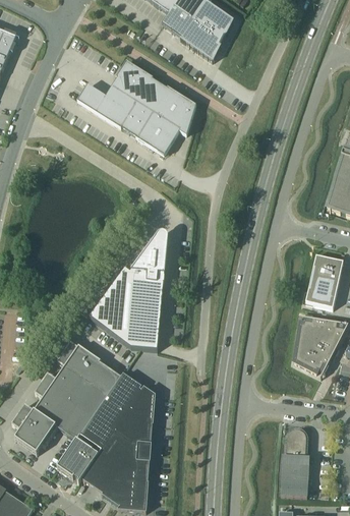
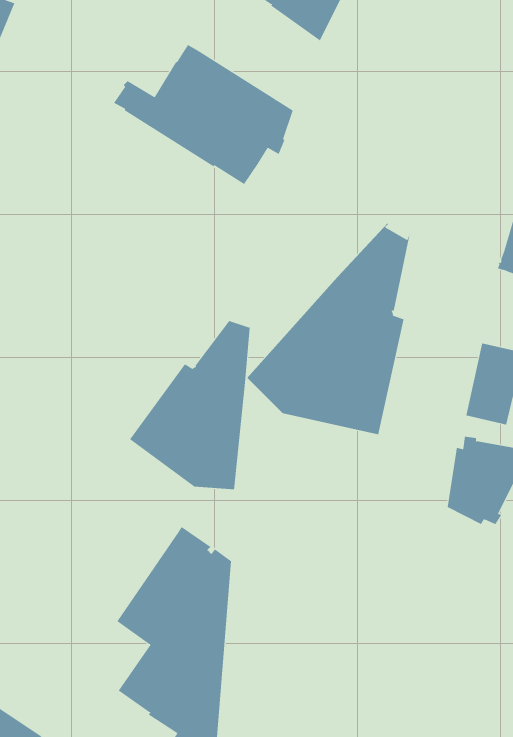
building: none -> [246,223,410,435]
building: [11,342,120,482] -> none
building: [280,429,307,496] -> none

